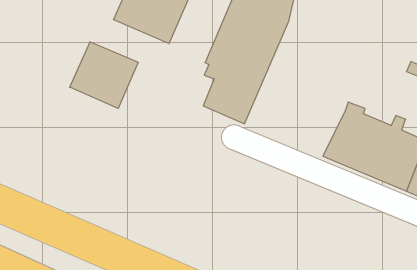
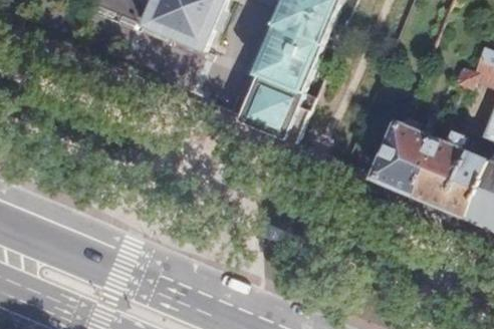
building: [70,42,138,108] -> none

